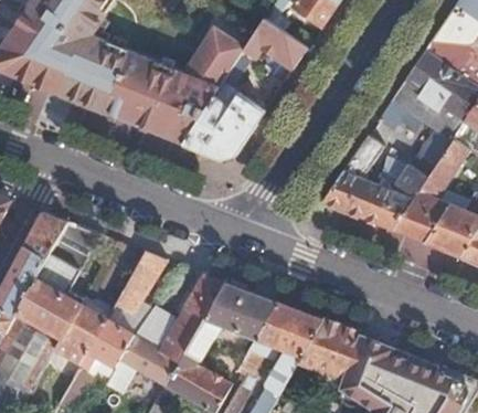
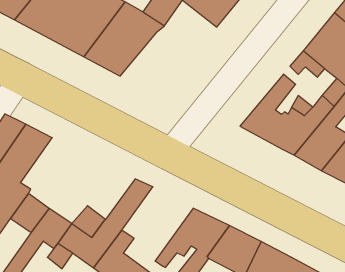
building: [174,91,266,163] -> none
building: [115,251,167,313] -> none
building: [194,280,277,345] -> none

